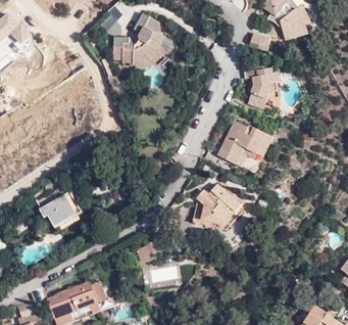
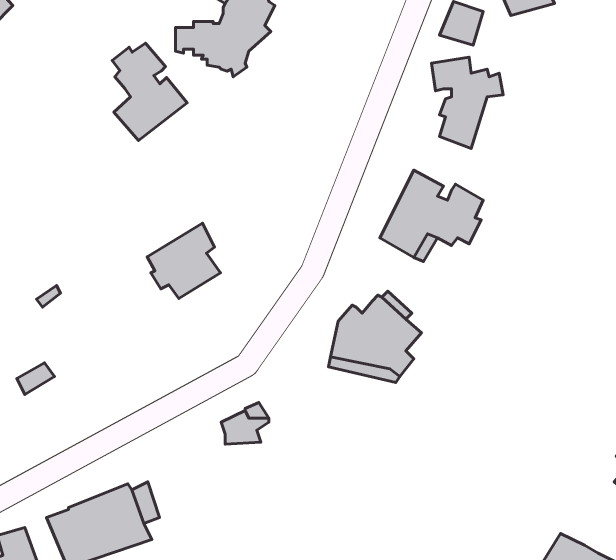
building: none -> [112,43,187,140]
building: [37,183,74,222] -> [147,223,220,299]

